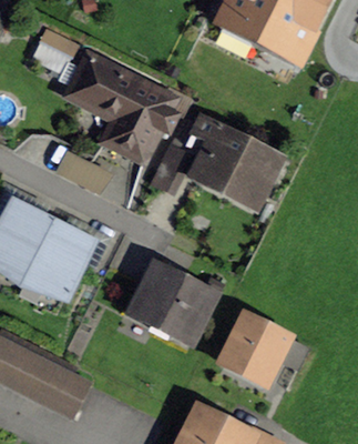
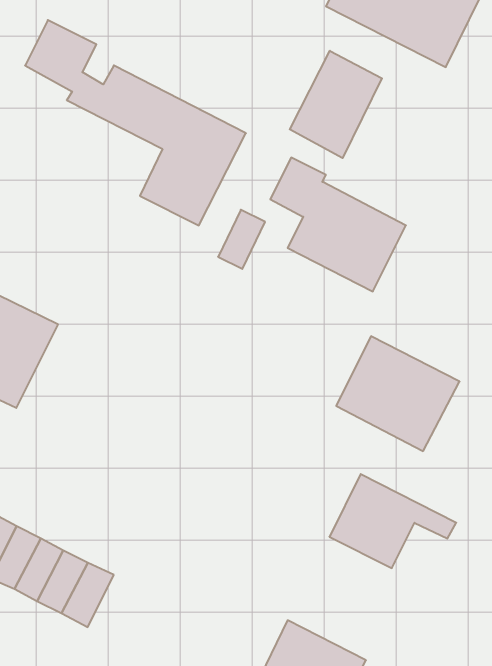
building: none -> [290,51,382,158]
building: [27,222,93,296] -> none
building: [134,266,213,340] -> [336,336,460,451]

